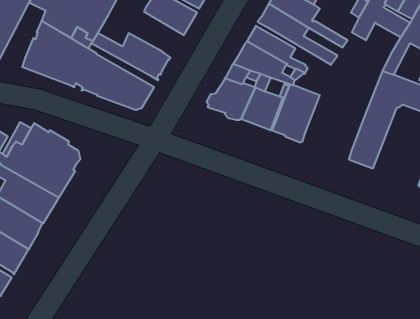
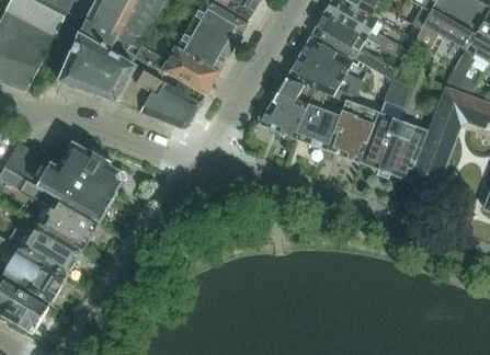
building: none -> [175,21,232,70]
building: none -> [360,76,428,179]

